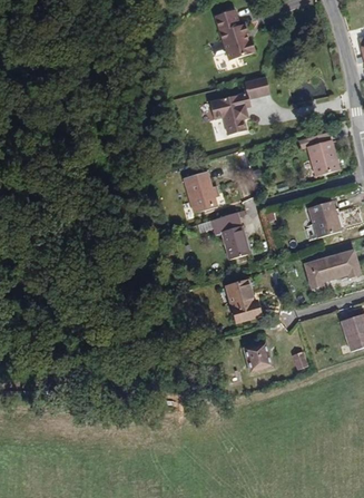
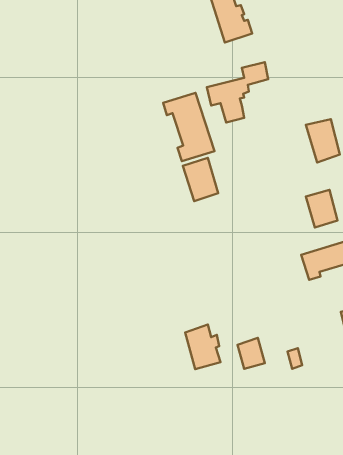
building: none -> [163,93,214,161]
building: [214,209,253,258] -> none
building: [223,282,257,325] -> [185,325,220,369]

